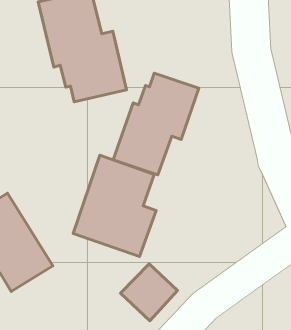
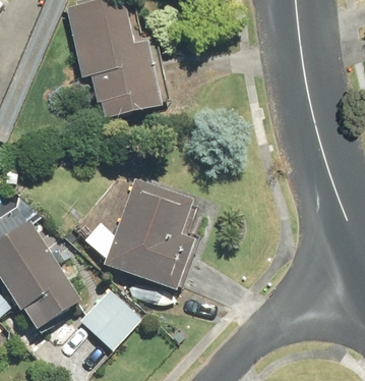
building: [113,73,199,175] -> none
building: [120,264,178,321] -> [79,288,142,351]

